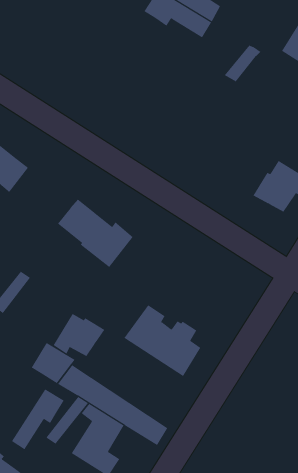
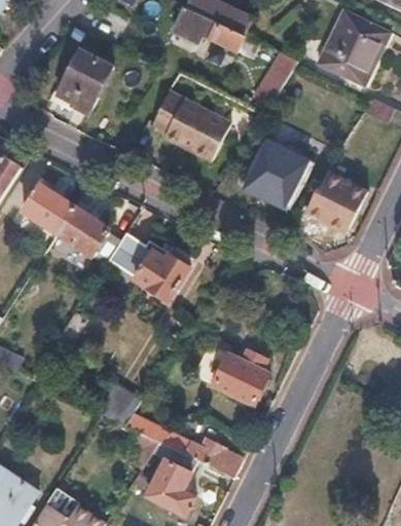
building: none -> [58,51,112,113]
building: none -> [151,91,231,161]
building: none -> [240,137,311,209]
building: none -> [54,205,118,260]
building: [53,313,105,357] -> none
building: [11,388,64,450] -> none

